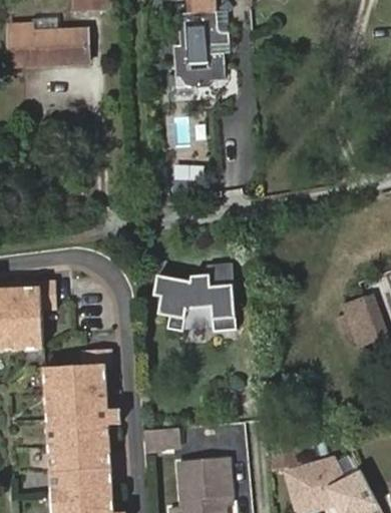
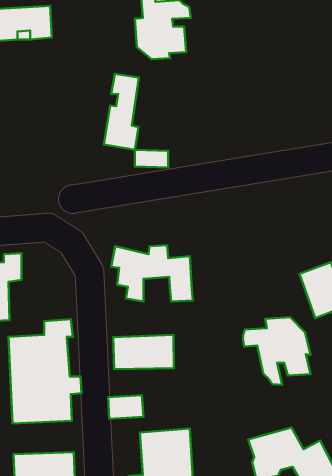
building: none -> [104,74,139,150]
building: none -> [243,317,310,385]
building: none -> [113,335,174,369]
building: [48,452,110,486] -> none

